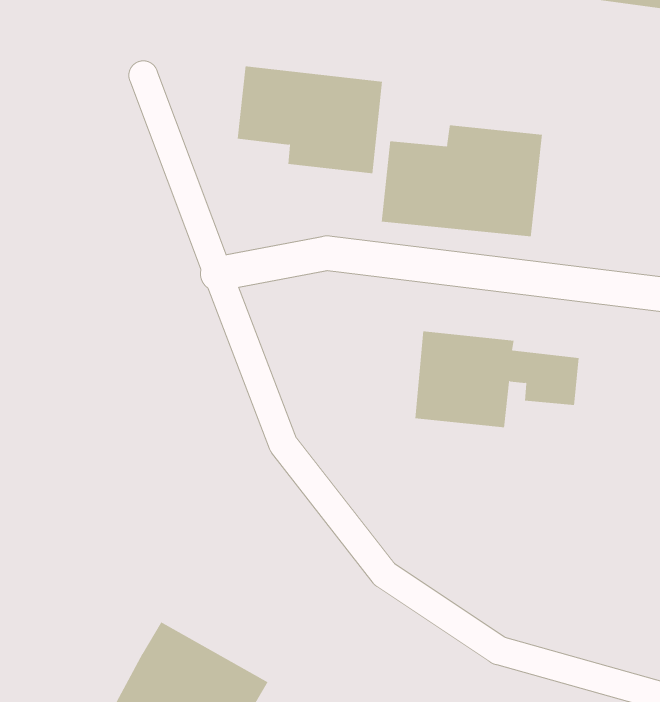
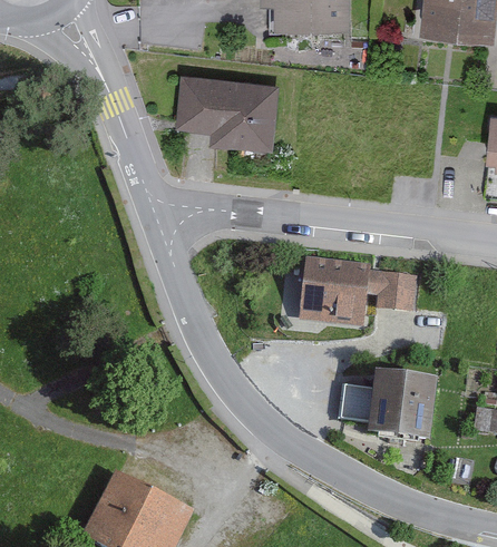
building: [381,125,542,237] -> none
building: none -> [341,375,435,445]

